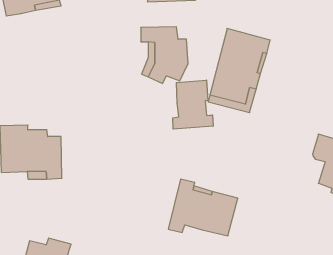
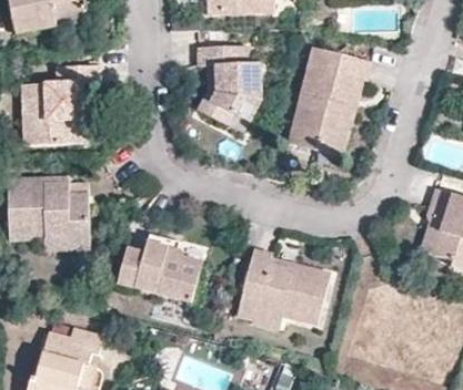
building: none -> [24,64,98,142]
building: [173,80,213,129] -> none
building: none -> [118,240,198,301]

